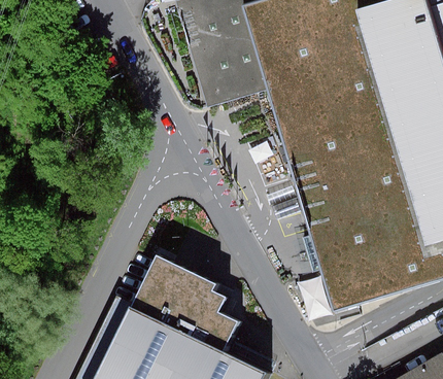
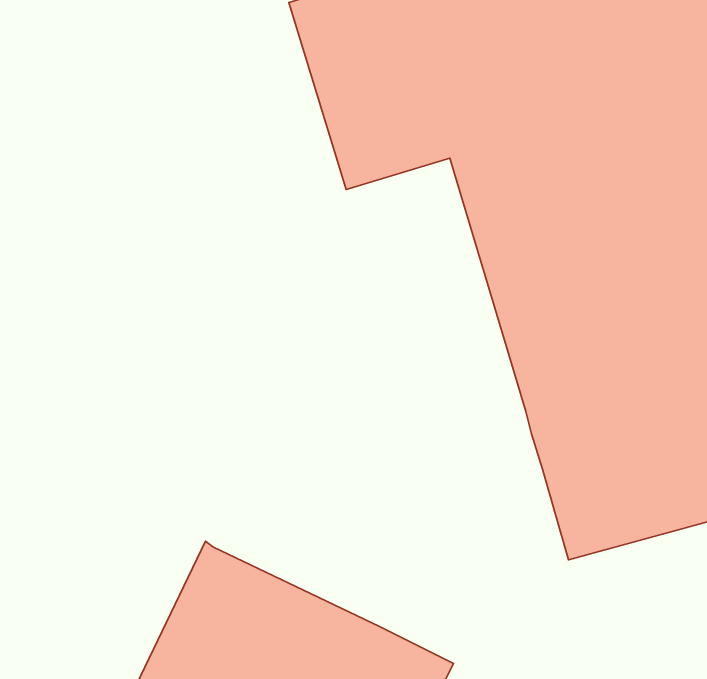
building: [132,250,239,349] -> none

